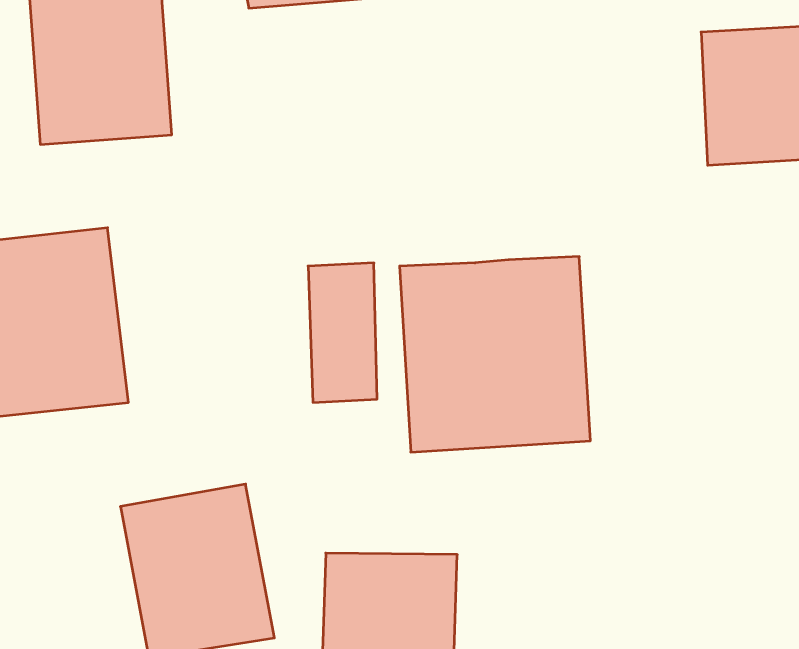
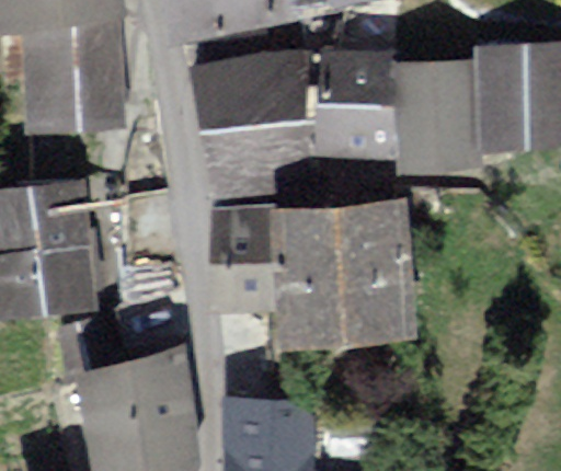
building: none -> [321,49,389,145]
building: none -> [199,51,308,192]
building: none -> [402,61,471,160]

